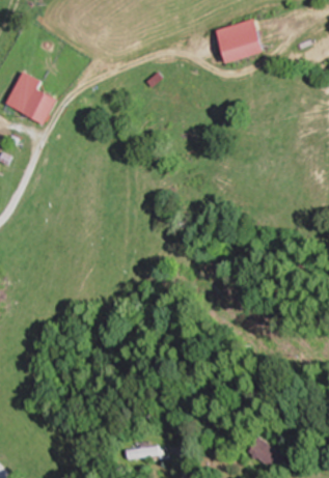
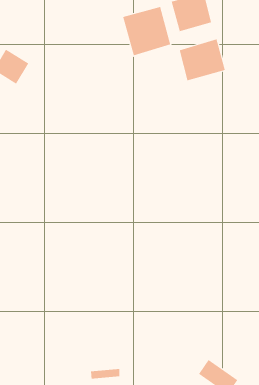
building: none -> [123,6,171,56]
building: none -> [179,39,226,81]

